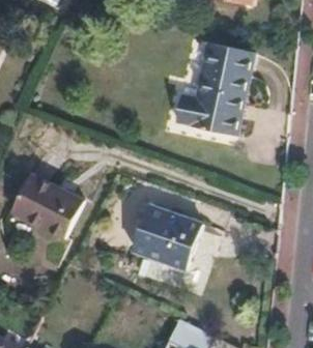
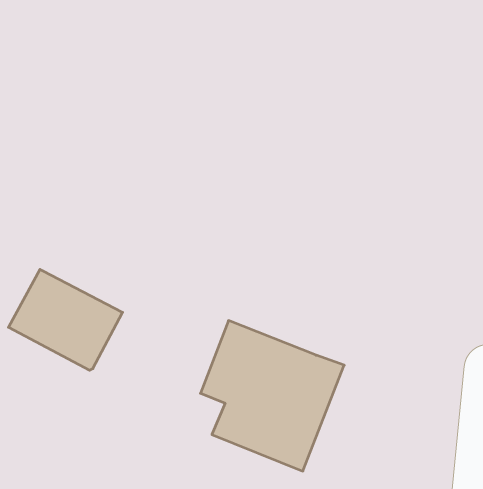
building: [176,51,253,140] -> none

